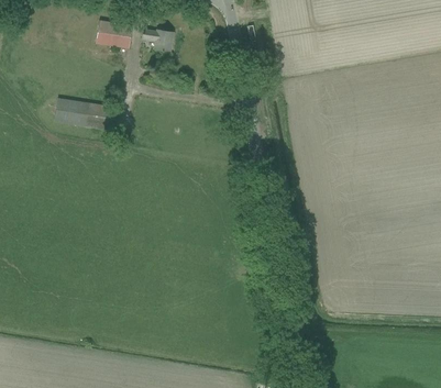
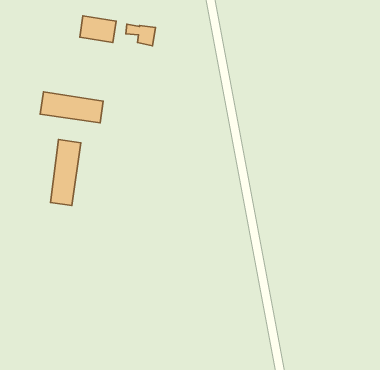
building: none -> [50,140,81,206]

